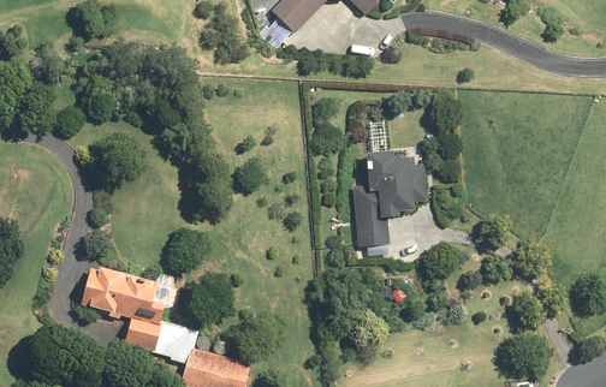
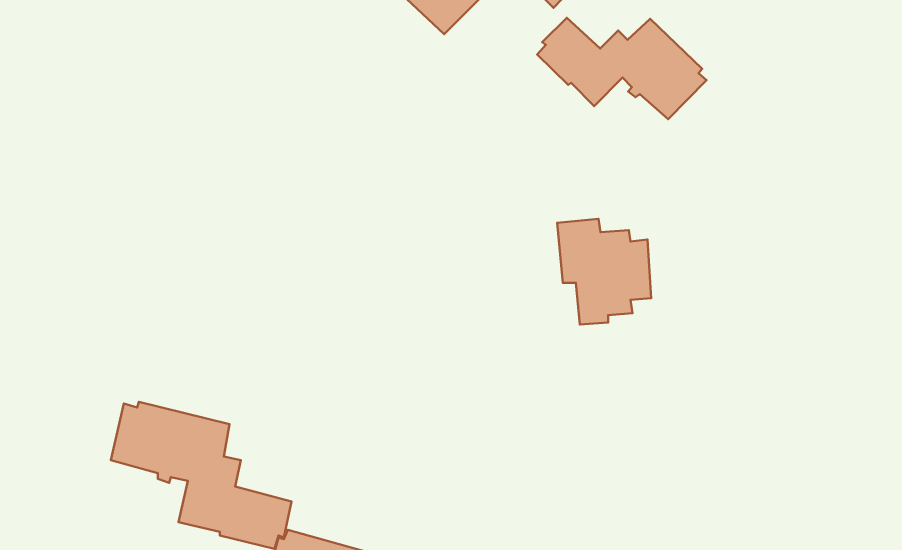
building: none -> [537,18,707,119]
building: [352,185,388,246] -> none

